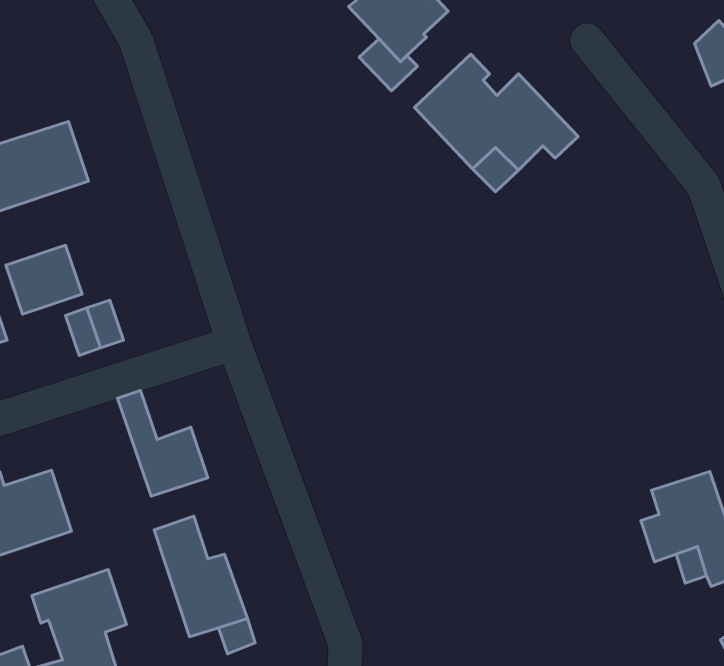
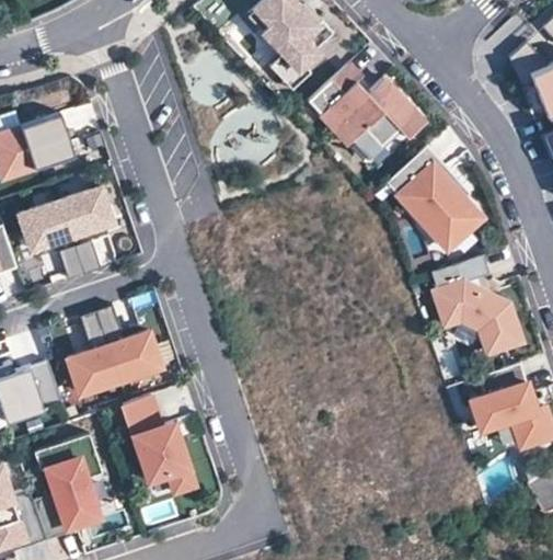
building: none -> [385,146,484,249]
building: none -> [58,187,111,237]
building: none -> [430,255,522,355]
building: none -> [67,311,119,396]

